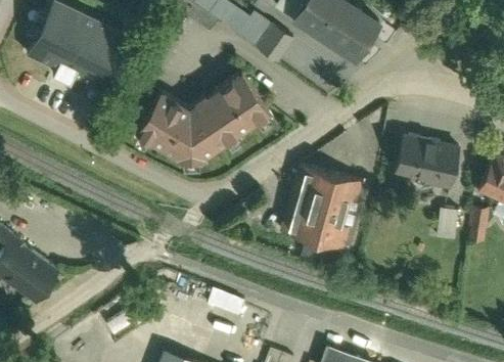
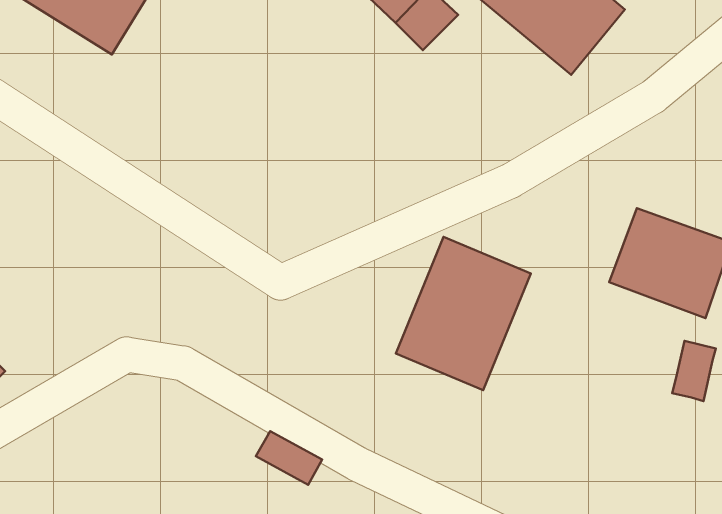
building: [136,72,271,165] -> none

